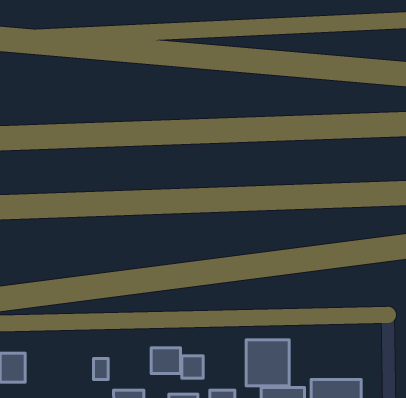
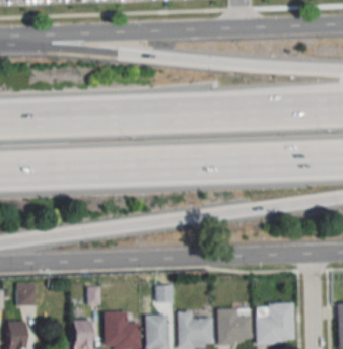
building: [246,340,289,386] -> none
building: [151,348,181,373] -> none

